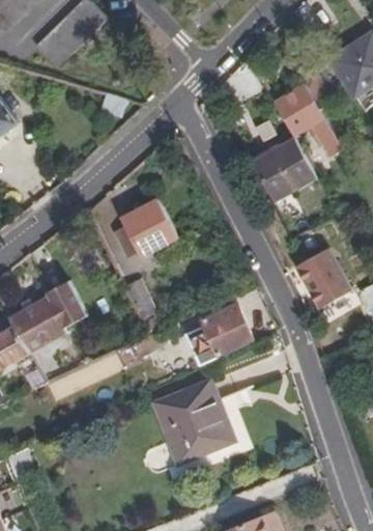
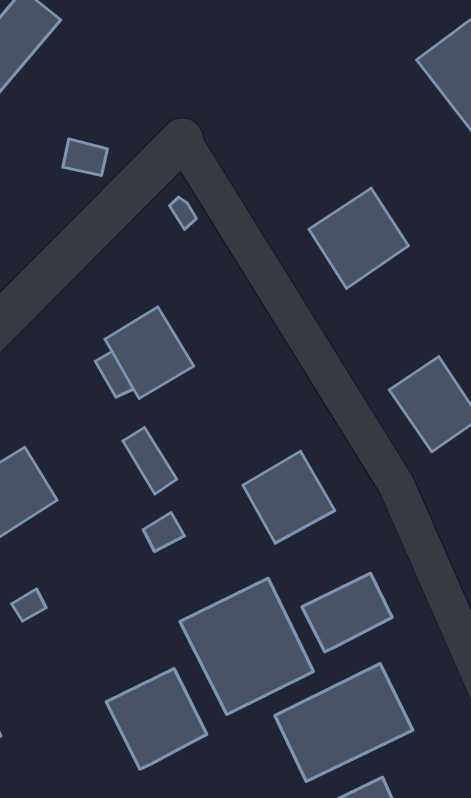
building: [275,69,343,155] -> none
building: none -> [302,573,392,652]
building: none -> [106,668,207,769]
building: none -> [275,664,413,781]

